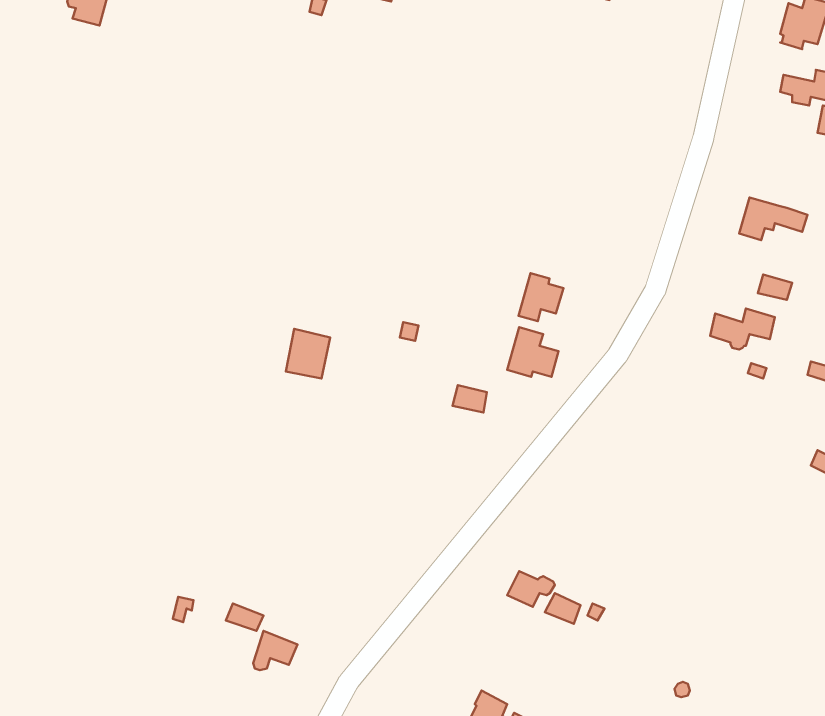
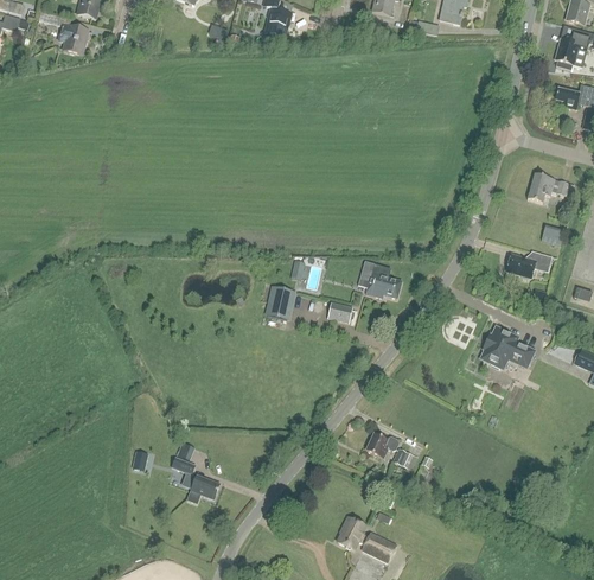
building: [518,273,563,321] -> none
building: [286,329,330,378] -> [264,285,295,319]
building: none -> [481,327,532,368]

